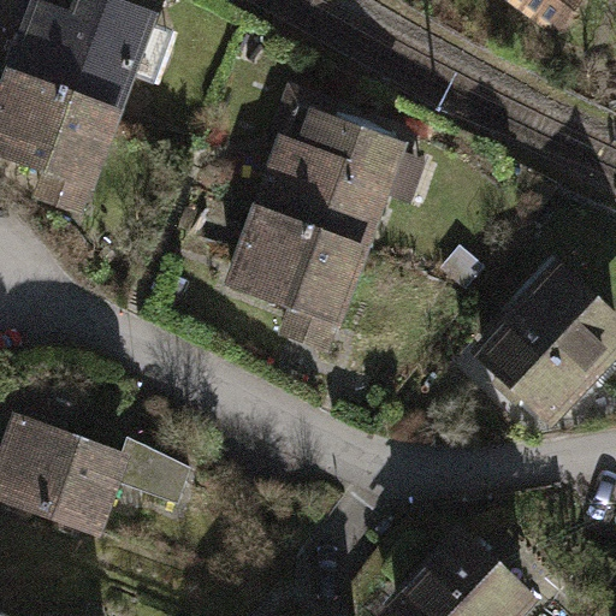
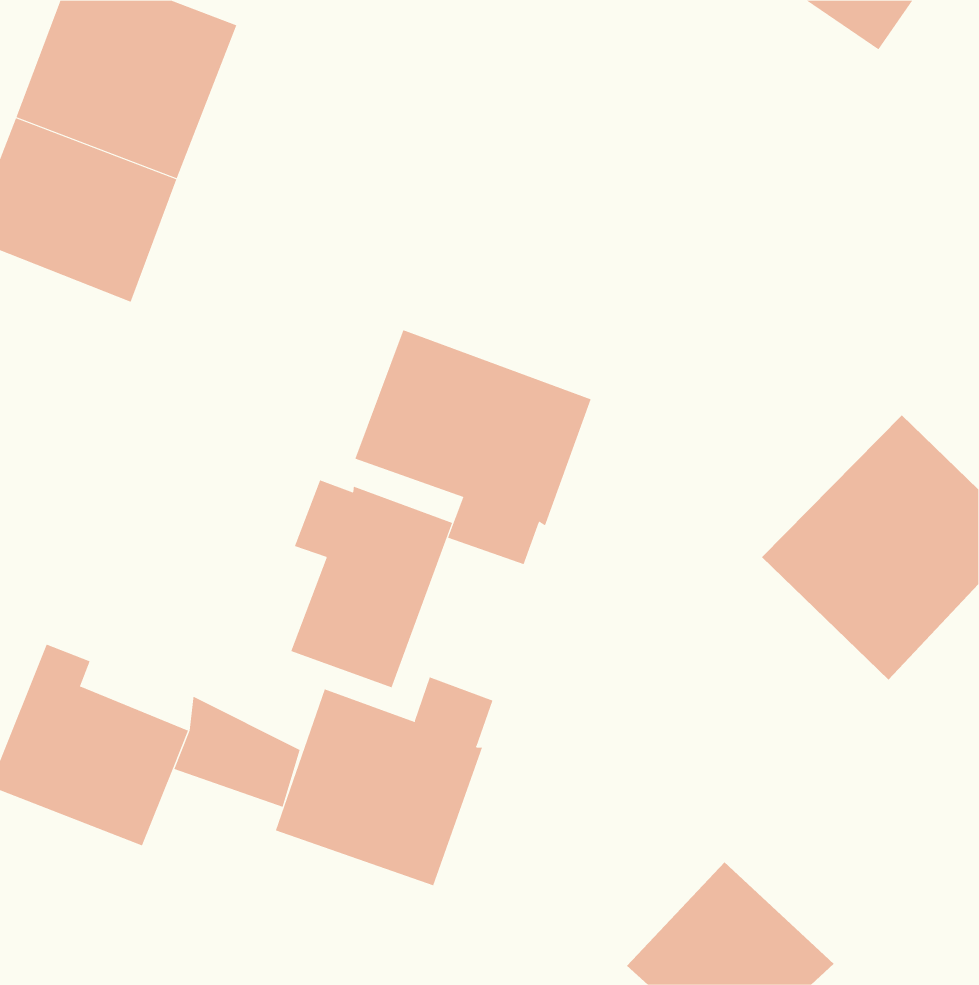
building: [251,84,432,249] -> none
building: none -> [291,480,453,688]
building: none -> [275,677,493,886]

